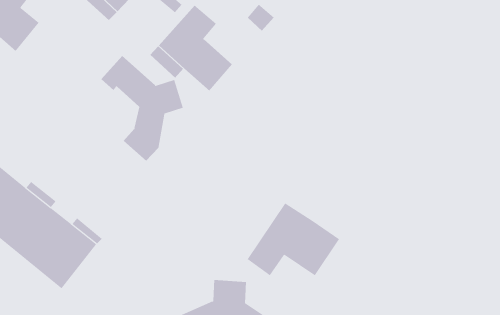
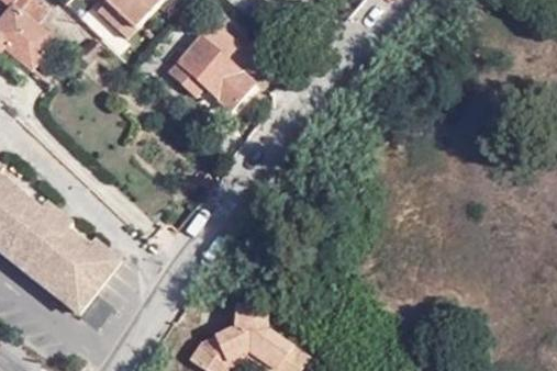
building: [101,55,184,162] -> none
building: [247,202,340,276] -> none

